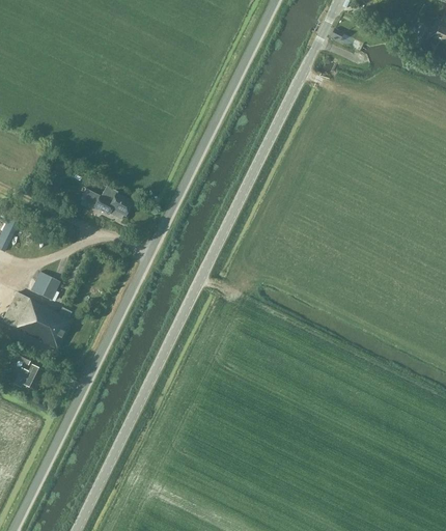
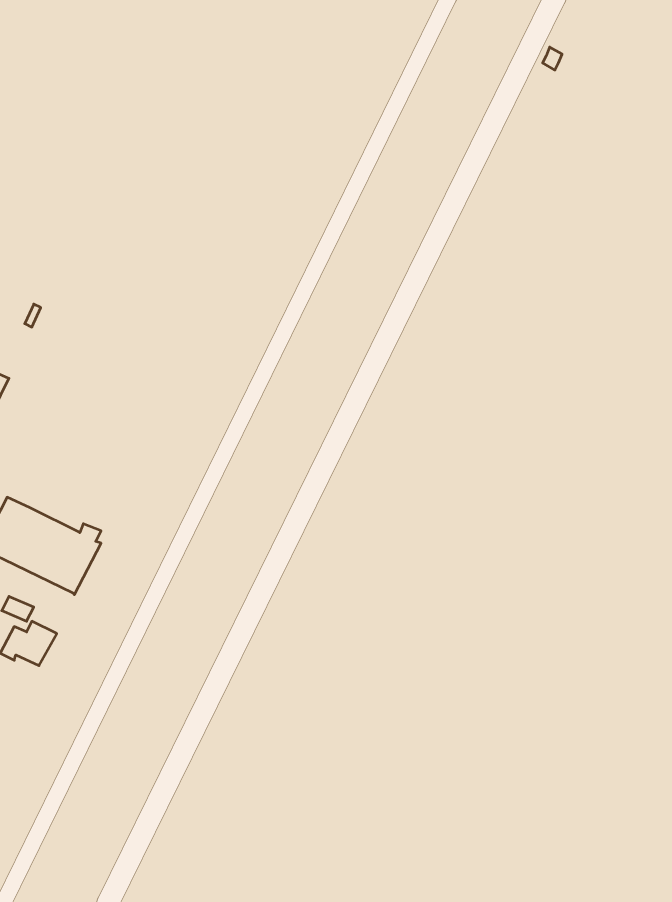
building: [88,186,131,218] -> none
building: [29,271,58,300] -> none

